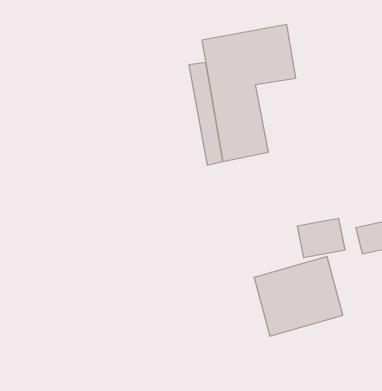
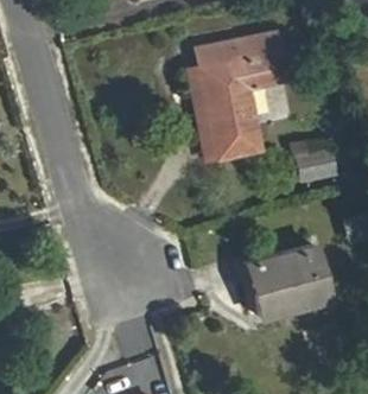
building: [297,219,345,258] -> [294,146,338,182]

